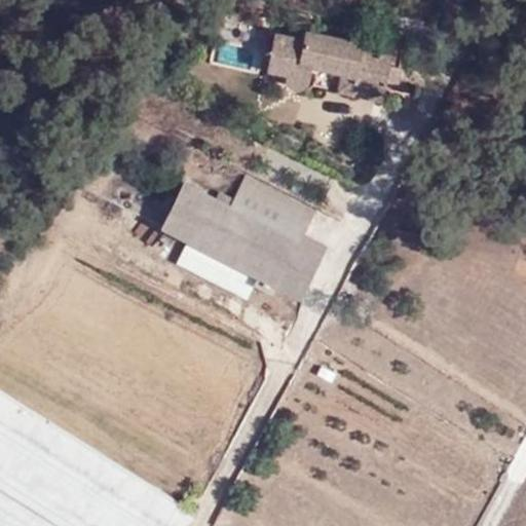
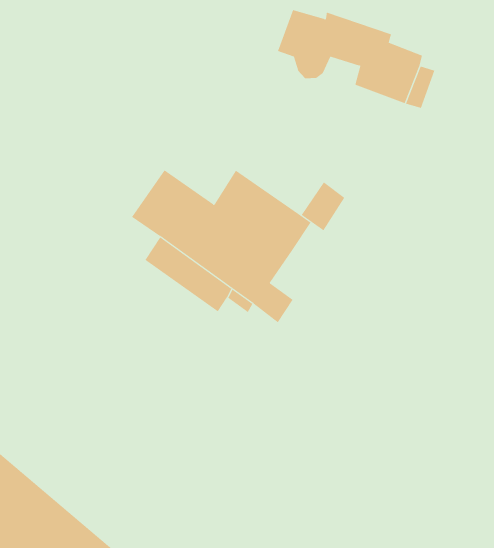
building: [289,237,325,279] -> [301,182,345,231]

